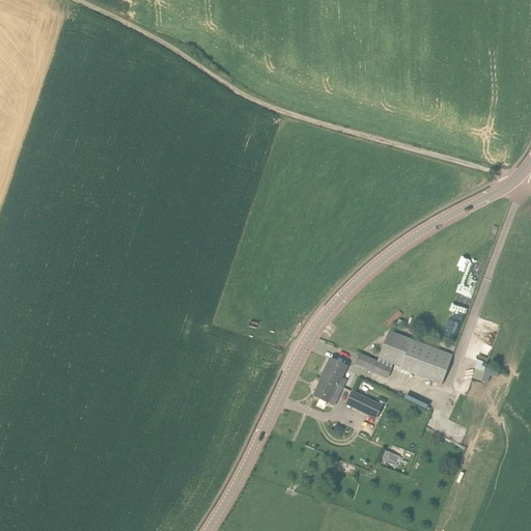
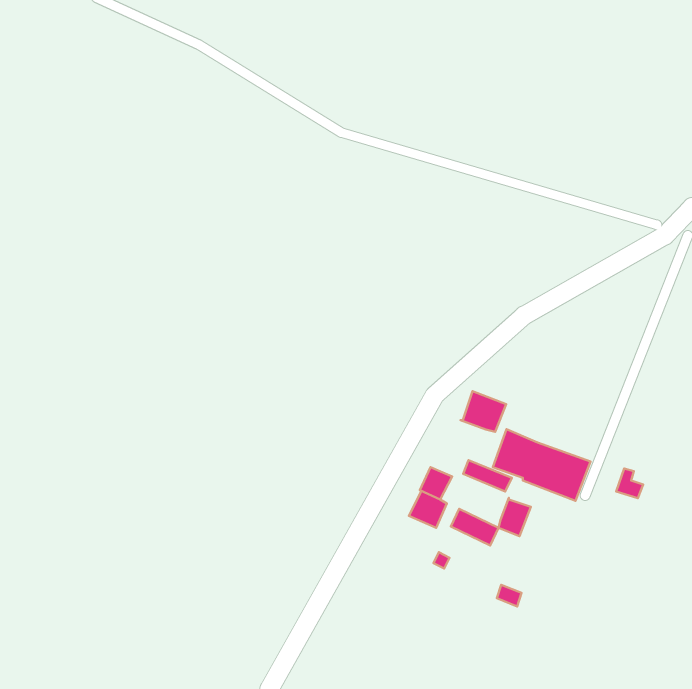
building: none -> [461,391,506,432]
building: none -> [498,498,531,536]

